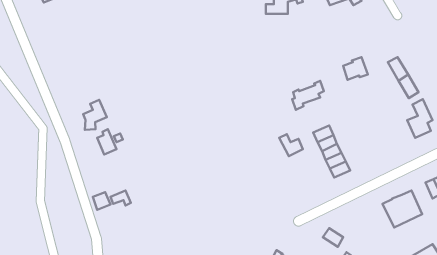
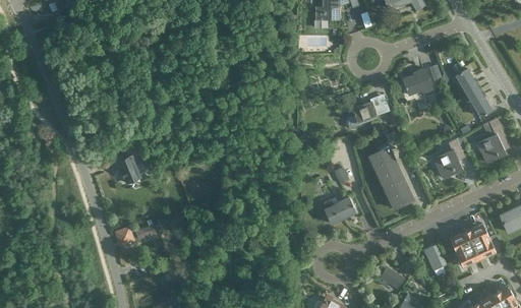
building: [83,100,107,130] -> none
building: none -> [433,139,462,178]
building: none -> [324,197,354,224]
building: none -> [422,245,446,276]

